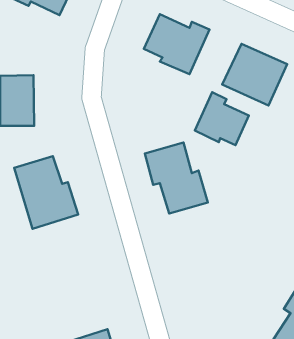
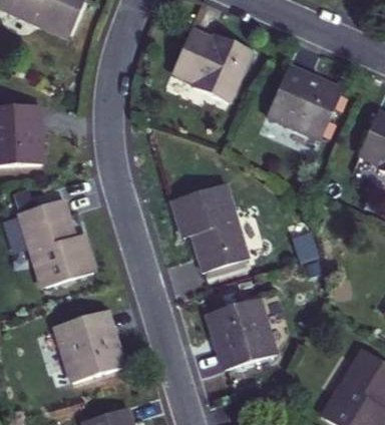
building: [195,92,249,145] -> none
building: none -> [210,298,277,367]
building: none -> [57,311,124,381]

